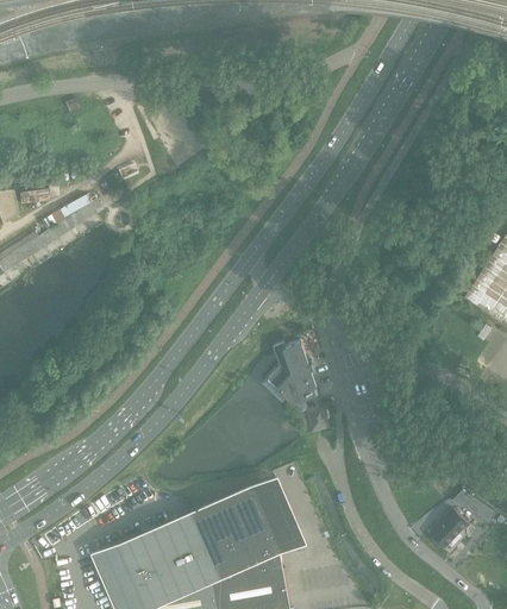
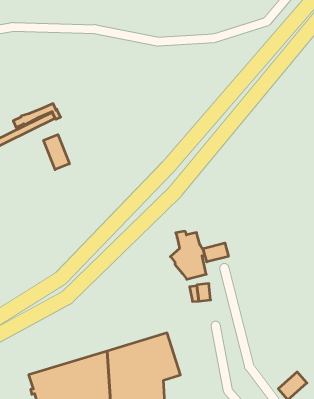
building: none -> [44,135,69,170]
building: none -> [203,243,228,262]

